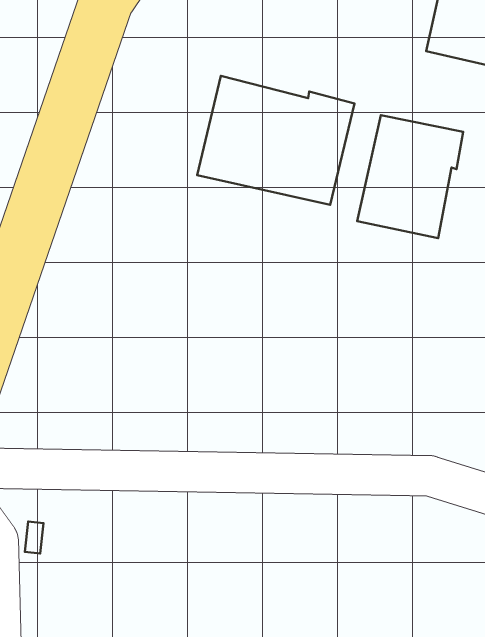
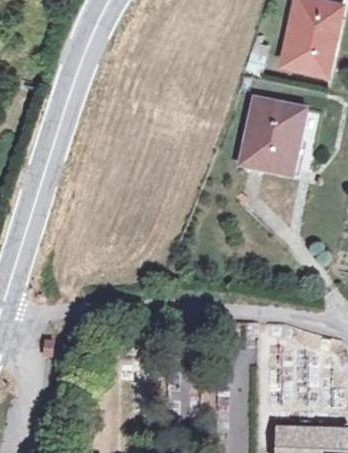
building: [197,76,355,205] -> none

